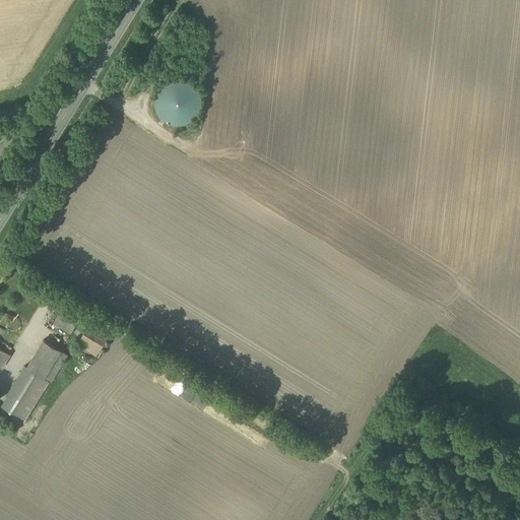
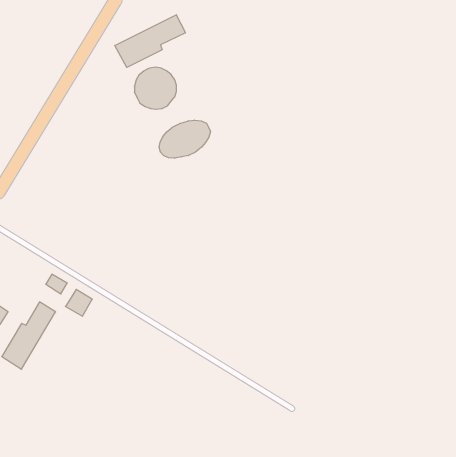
building: none -> [115,15,185,67]
building: none -> [159,120,211,158]

